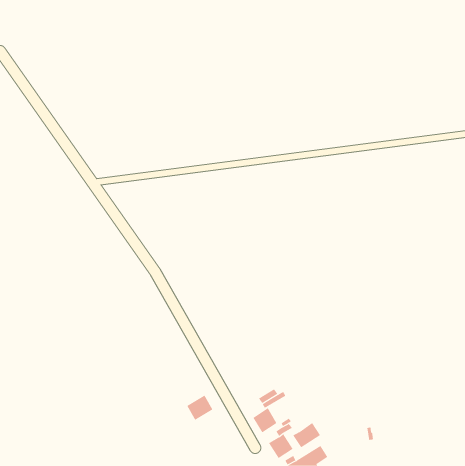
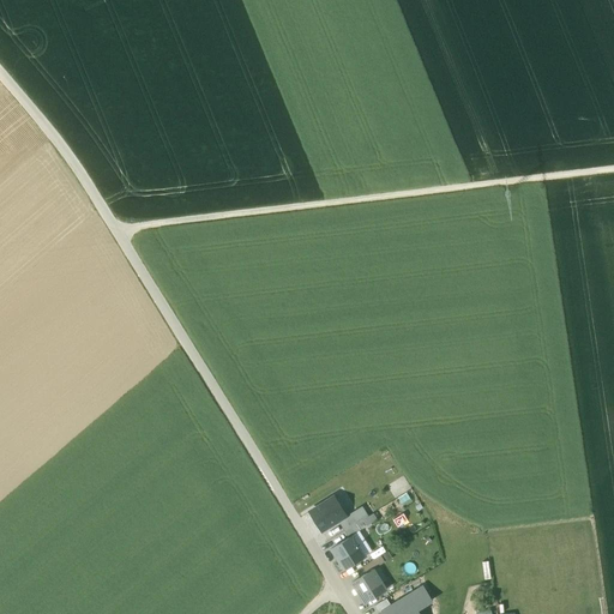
building: [187,395,213,420] -> [312,498,347,531]
building: [293,422,321,448] -> none

